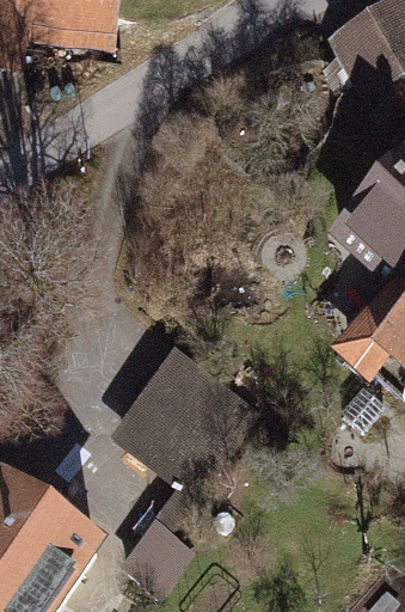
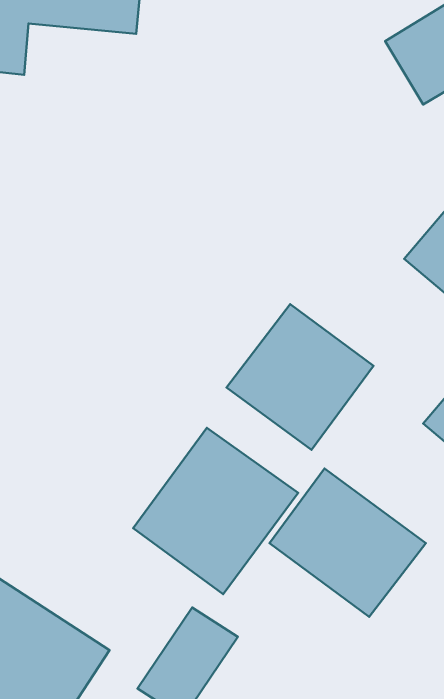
building: none -> [227,304,374,450]
building: none -> [269,469,426,617]

